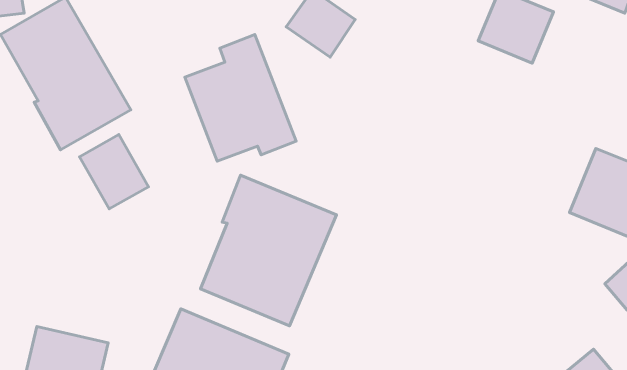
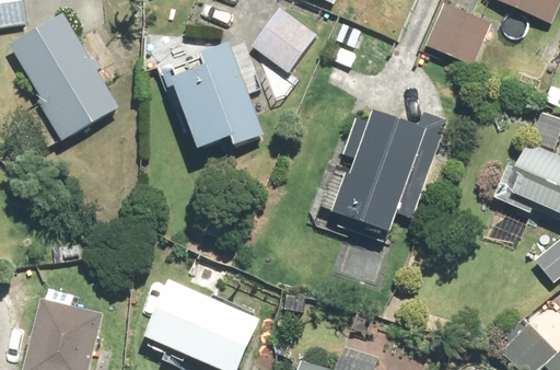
building: none -> [330,108,448,231]
building: [79,135,148,209] -> none
building: [200,175,336,326] -> none

